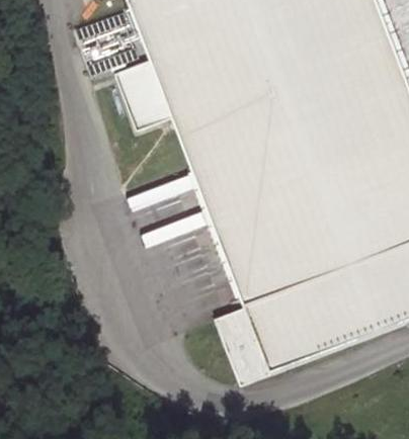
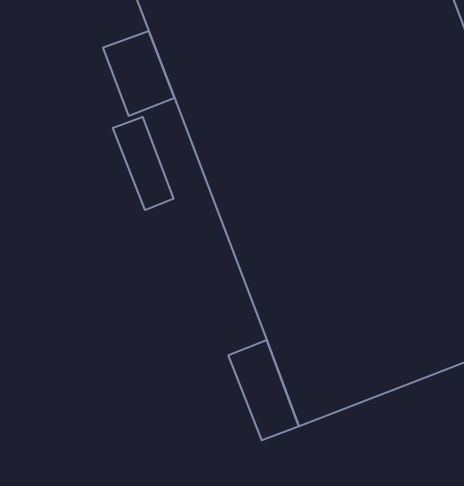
building: none -> [113,117,173,210]

